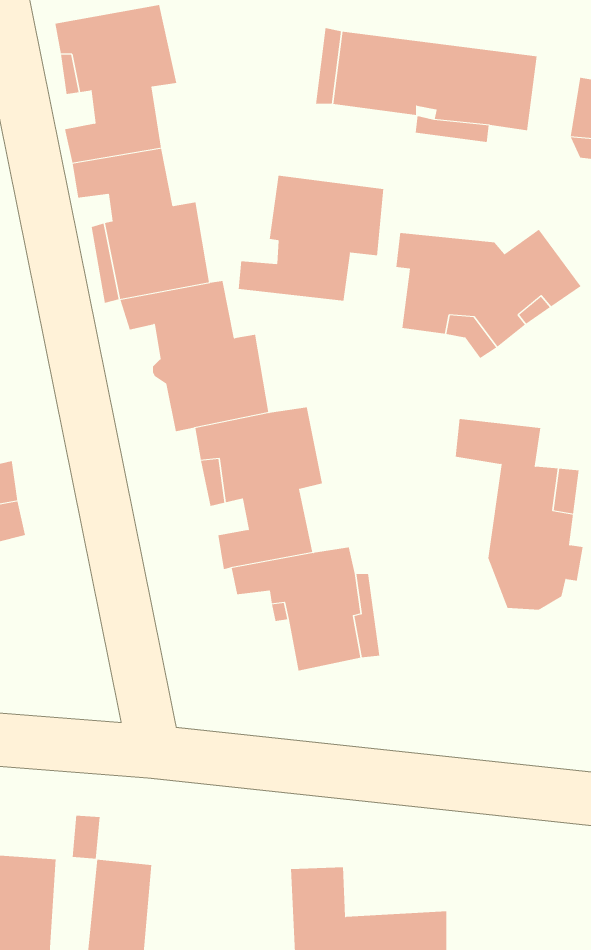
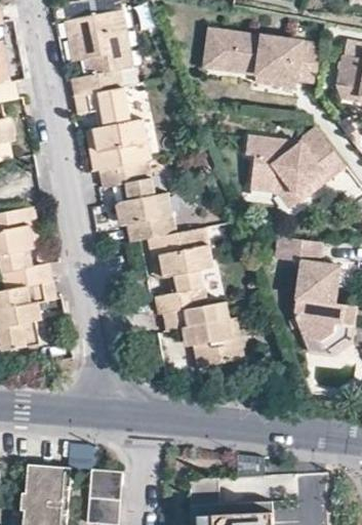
building: [238,175,384,301] -> none

